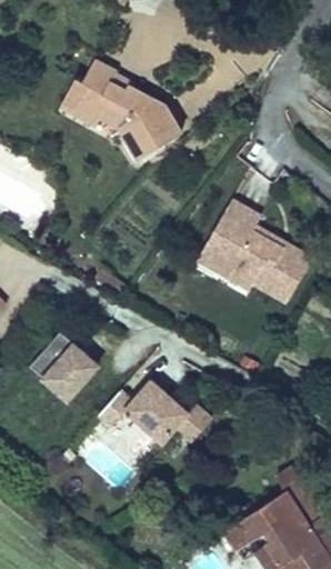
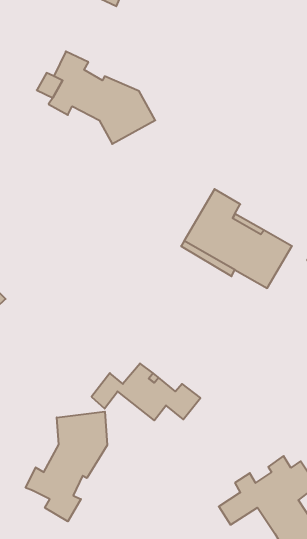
building: [28,335,96,402] -> none
building: none -> [26,412,107,521]

